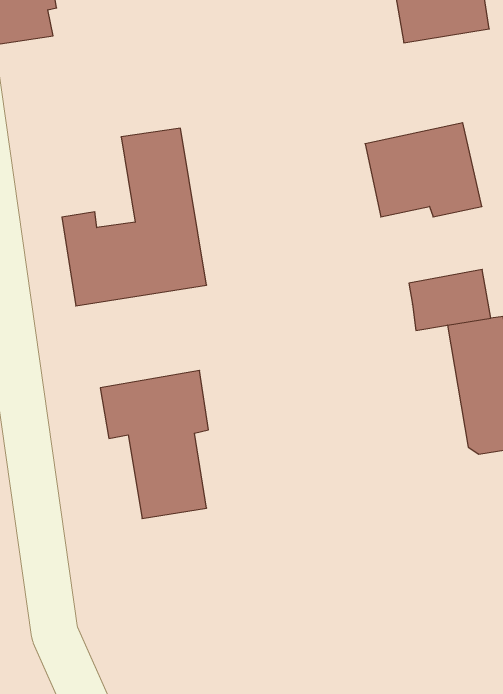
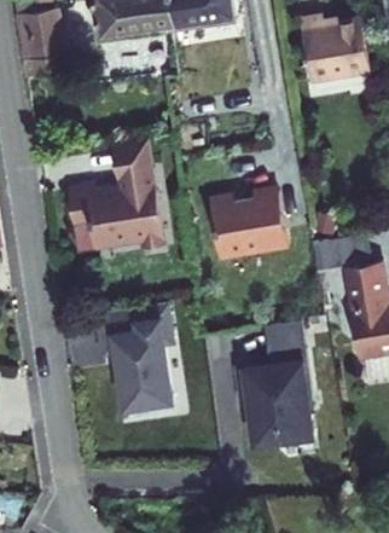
building: [365,123,482,217] -> [210,189,291,254]
building: none -> [240,317,315,440]

